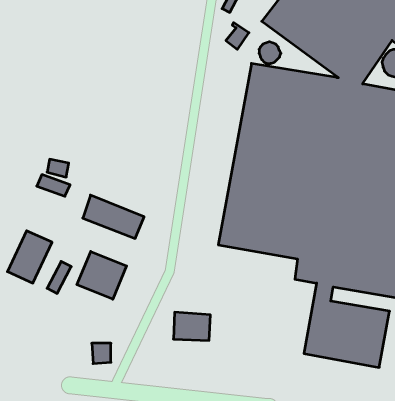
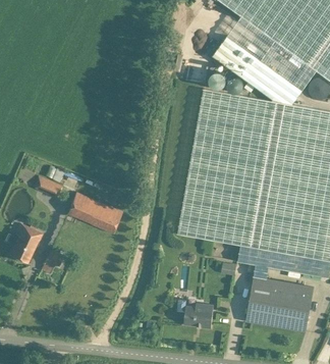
building: [77,251,127,299] -> none
building: [173,312,210,340] -> [186,303,216,325]

